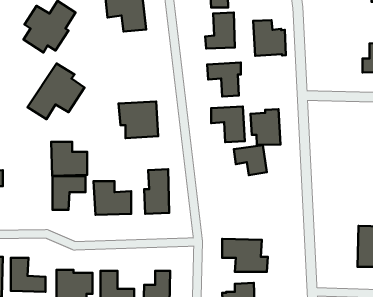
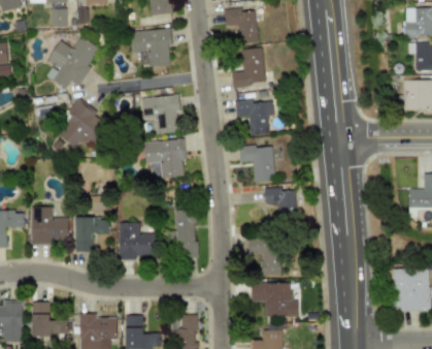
building: [253,20,286,56] -> none
building: none -> [143,95,180,133]
building: [251,109,280,145] -> none
building: [51,142,87,176] -> [32,207,69,242]
building: none -> [248,240,283,276]

